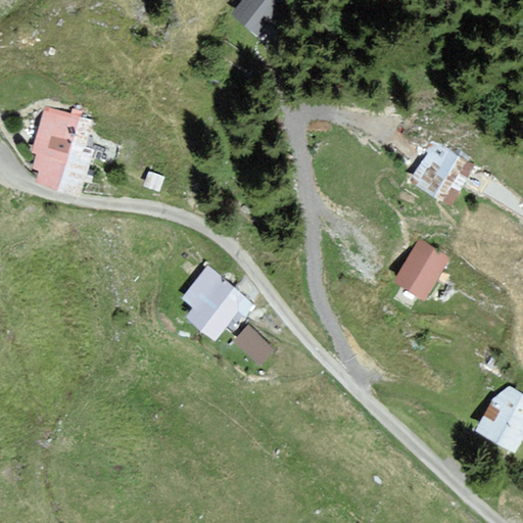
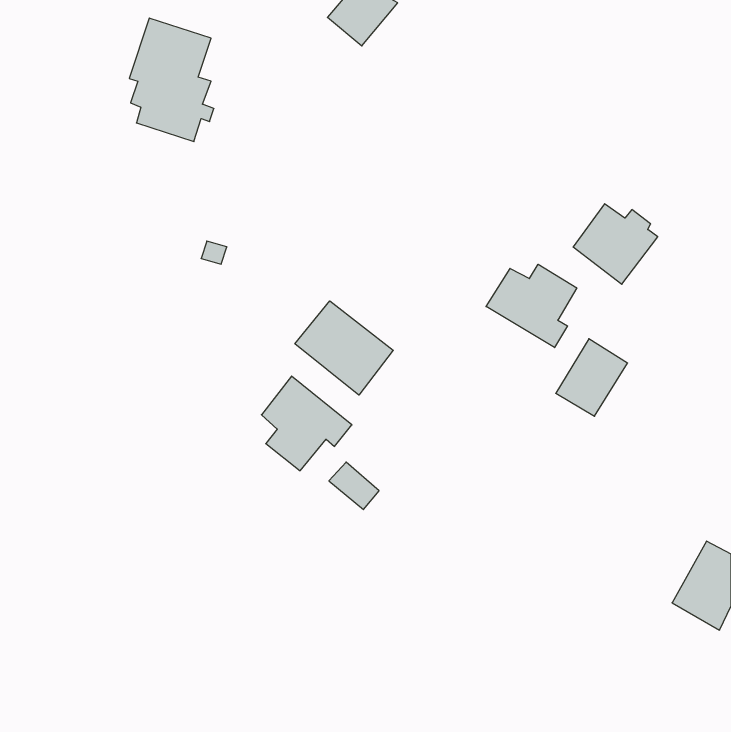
building: [31,105,91,193] -> [129,18,214,142]
building: none -> [486,264,577,348]
building: none -> [295,301,393,395]

